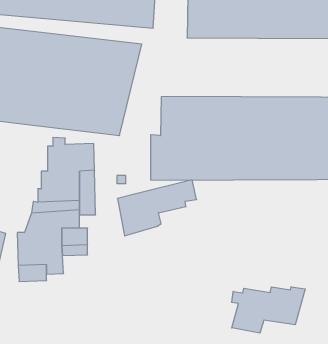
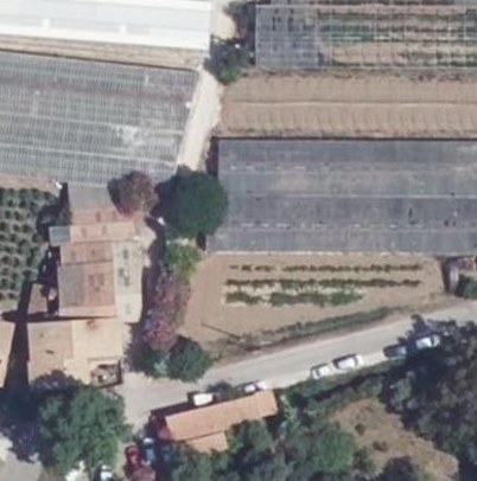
building: [117,180,197,236] -> [168,389,274,463]
building: [232,287,305,333] -> none

